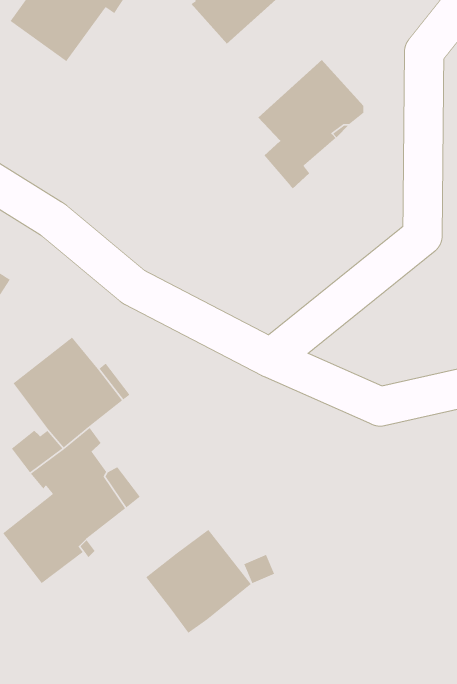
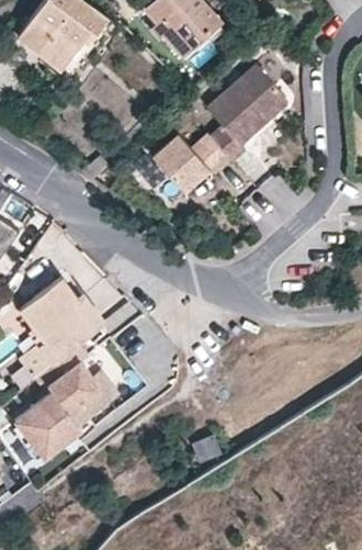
building: none -> [149,136,228,197]
building: [145,529,252,634] -> none

